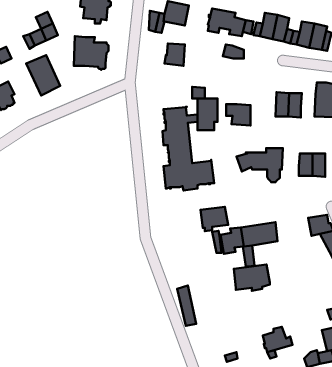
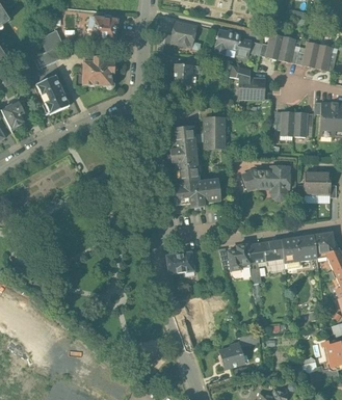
building: [226,104,251,125] -> [240,78,264,99]
building: [201,207,228,231] -> [167,252,194,276]
building: [234,265,270,291] -> [282,235,317,261]
building: [263,327,292,352] -> [220,343,249,368]

